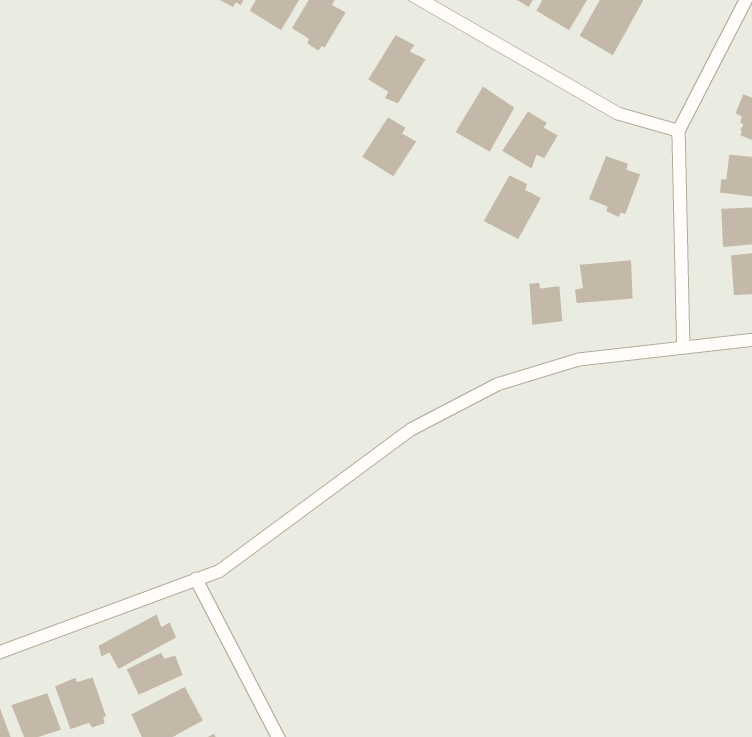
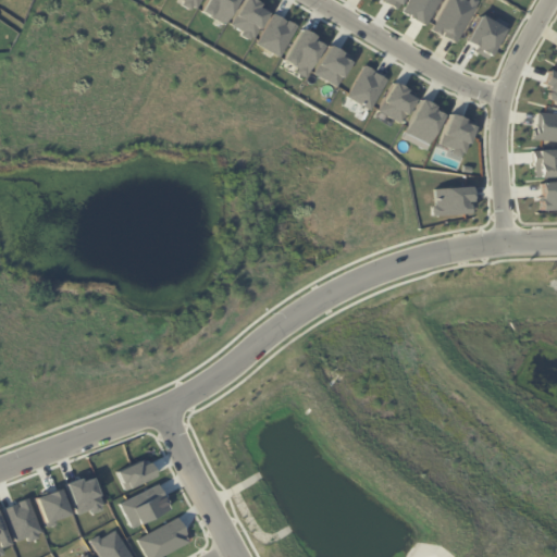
building: none -> [258,12,300,58]
building: none -> [469,13,509,58]
building: [361,116,417,177] -> [315,44,355,86]
building: [483,174,542,240] -> [407,98,448,144]
building: [529,282,563,326] -> none
building: [98,613,177,670] -> none

